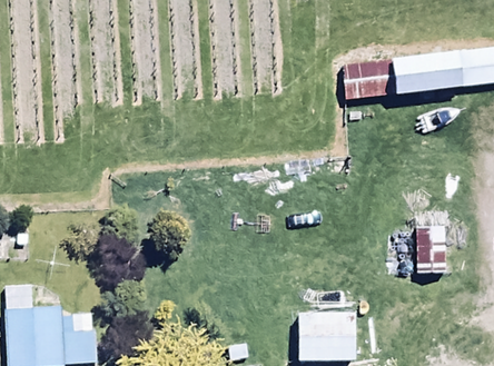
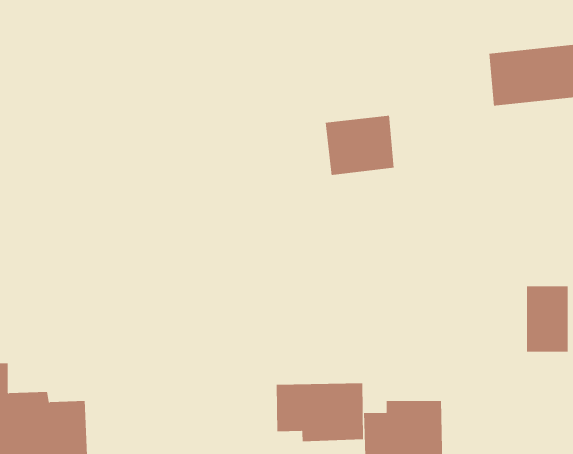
building: [340,56,392,100] -> [325,115,394,175]
building: none -> [276,382,364,442]

